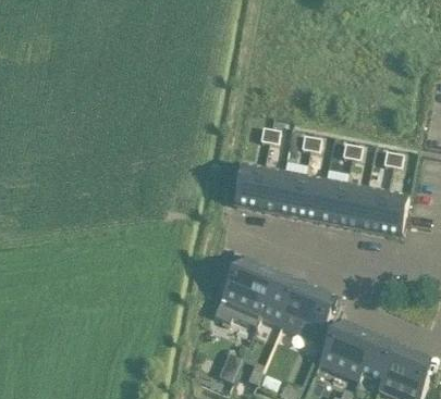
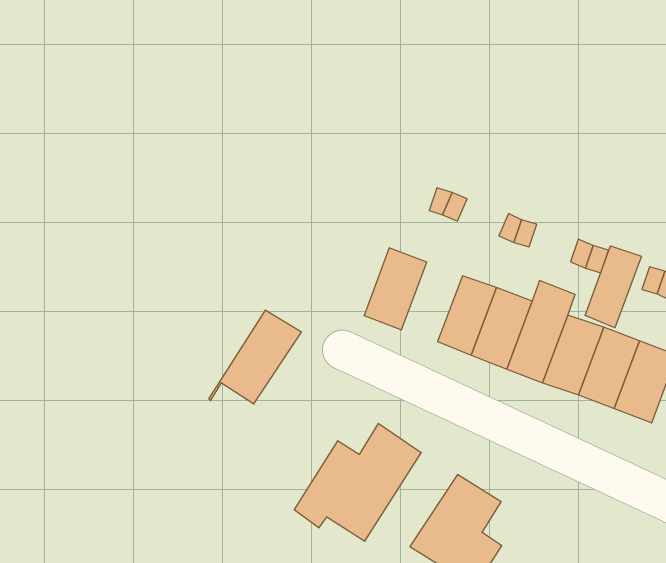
building: none -> [585,246,641,328]
building: [258,169,286,211] -> none
building: [257,273,302,327] -> [209,310,302,404]

